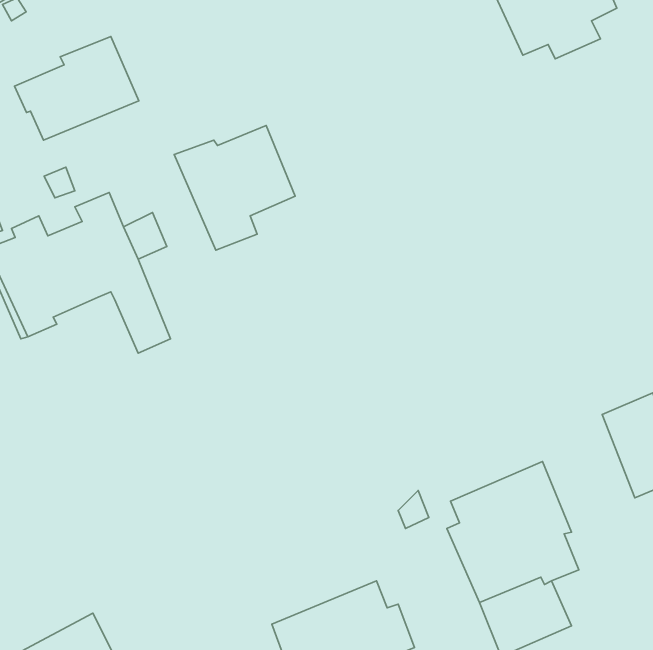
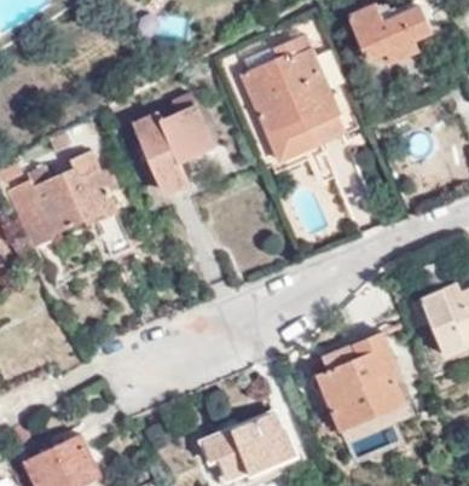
building: none -> [242,35,347,162]
building: [15,36,139,140] -> none

